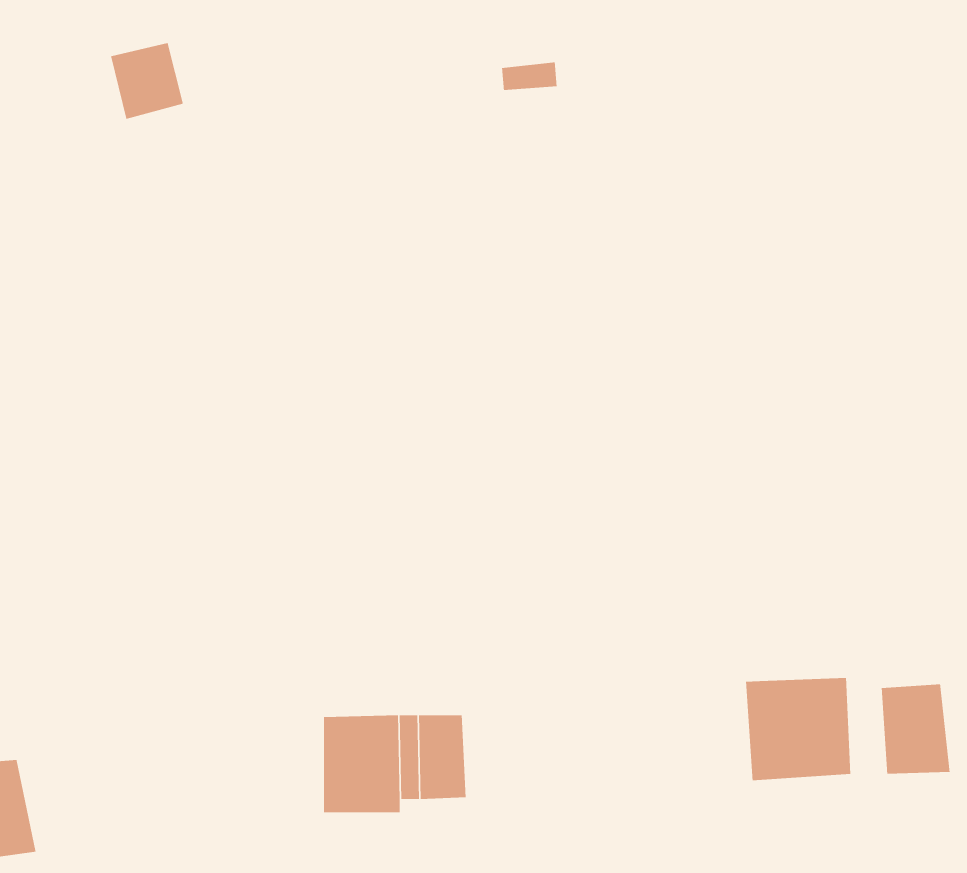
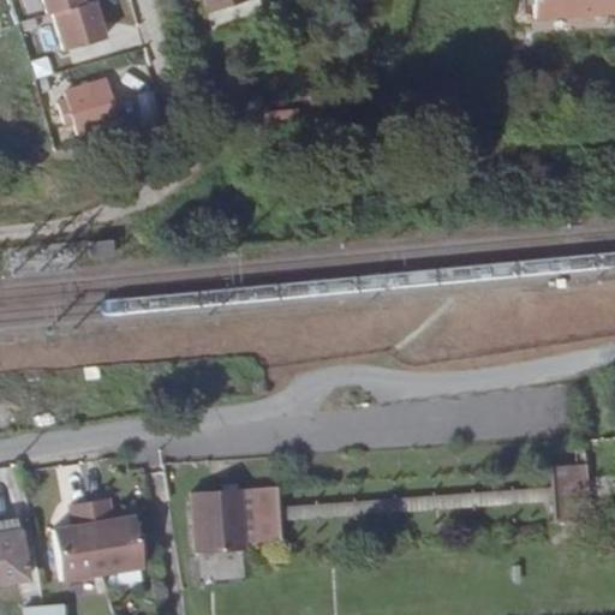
building: [745,677,851,781] -> none
building: none -> [49,498,139,579]

